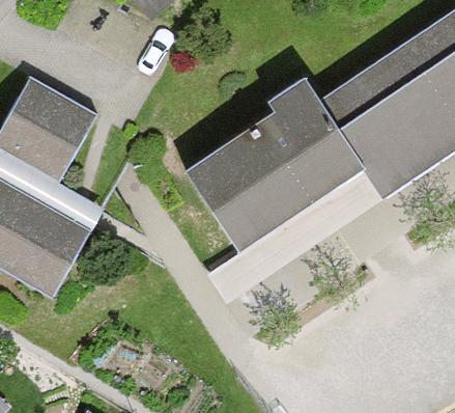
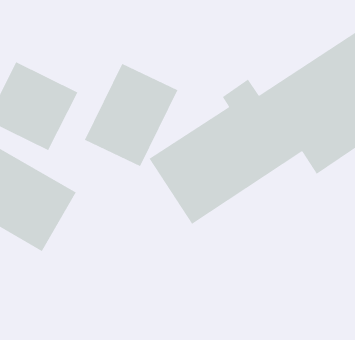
building: none -> [84,63,179,167]

